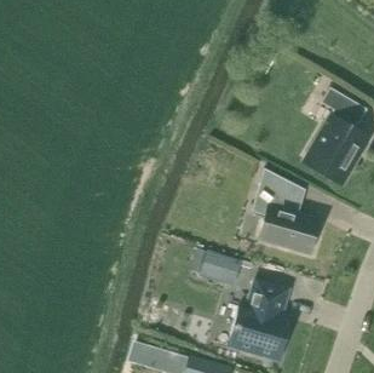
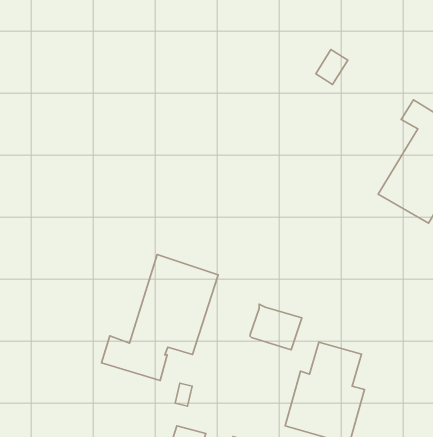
building: [251,167,320,249] -> none
building: none -> [102,254,218,381]

